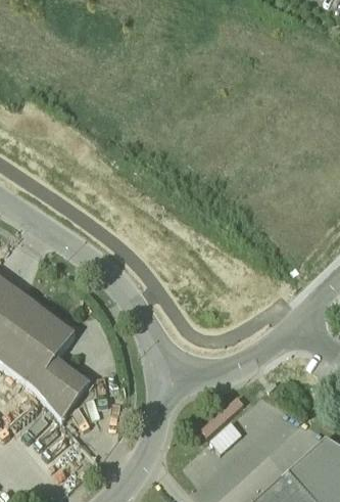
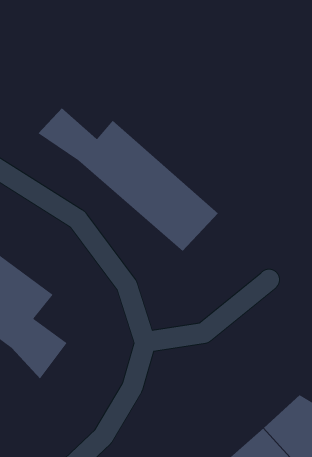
building: none -> [38,107,219,252]

